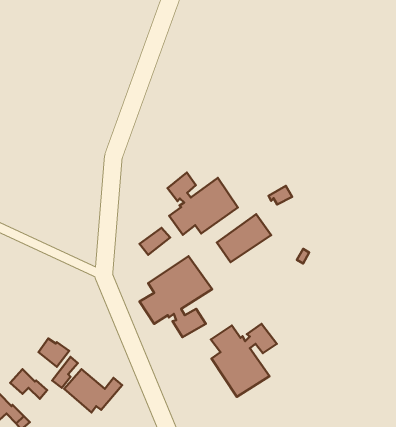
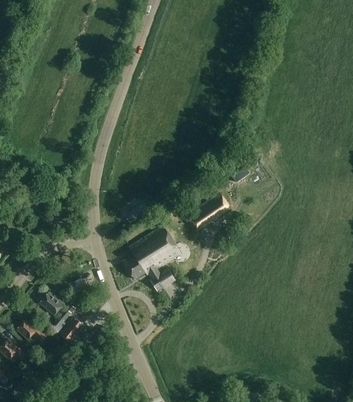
building: [168,173,238,235] -> none
building: [211,324,277,397] -> none

